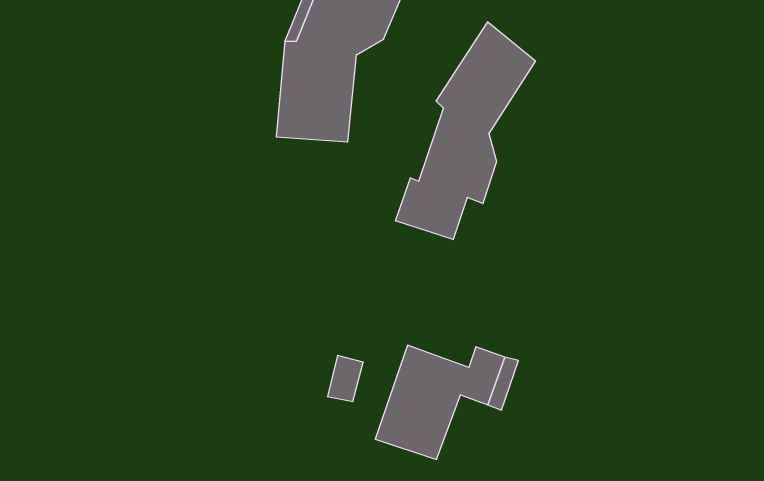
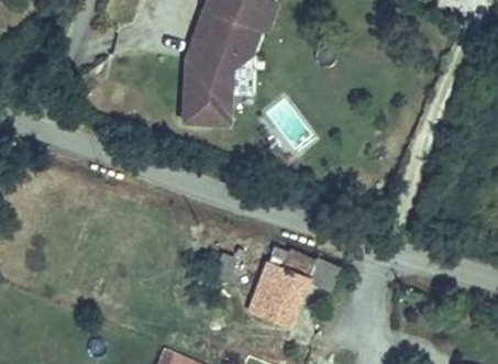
building: [396,22,535,240] -> none

